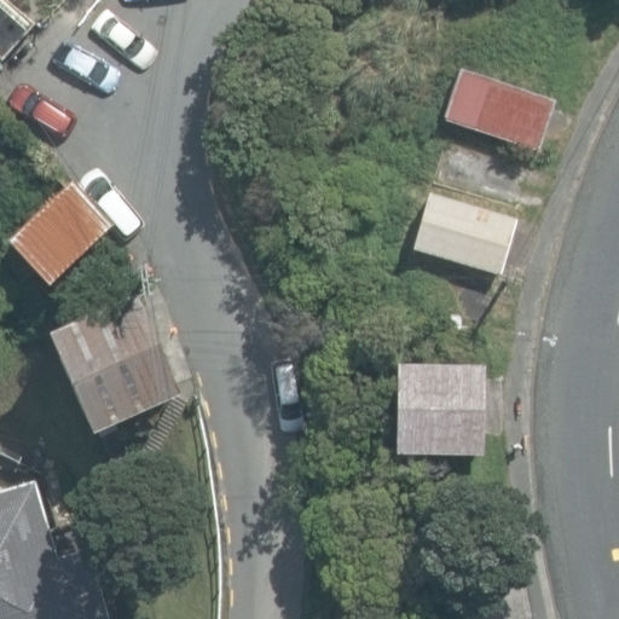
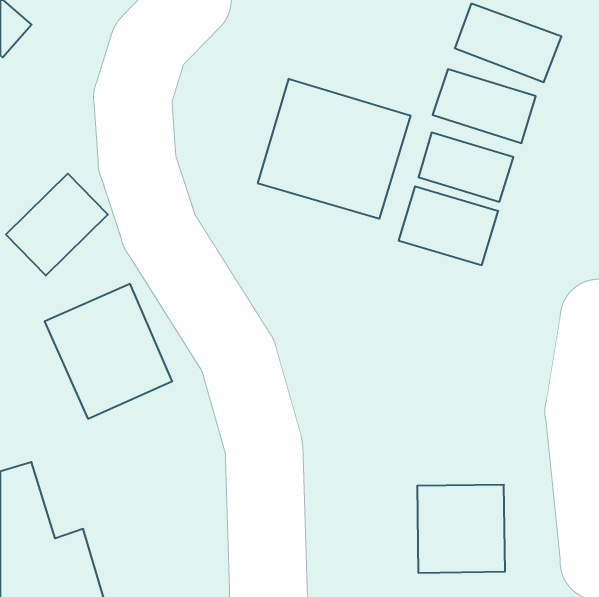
building: none -> [258,79,410,219]
building: [394,364,485,455] -> [417,485,505,573]

